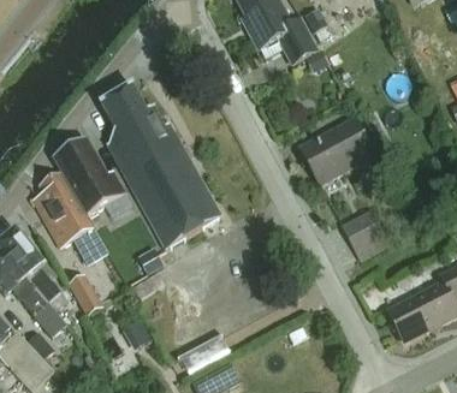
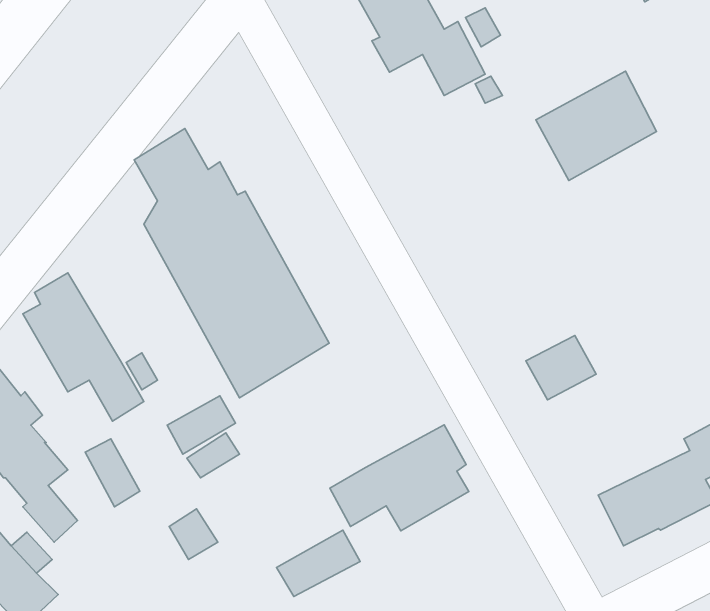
building: [298,115,373,183] -> [536,71,657,180]
building: [52,135,125,213] -> none
building: none -> [330,425,469,531]

